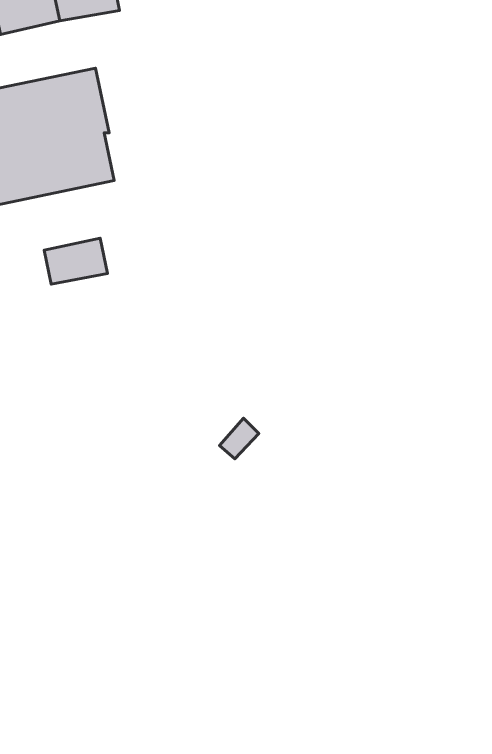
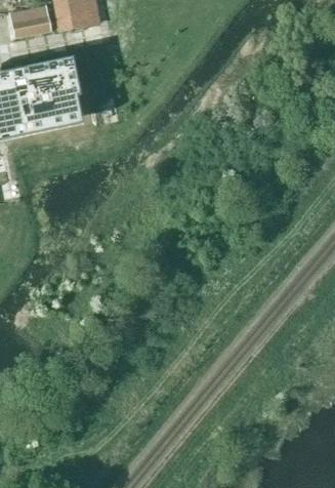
building: [44,238,108,284] -> none

